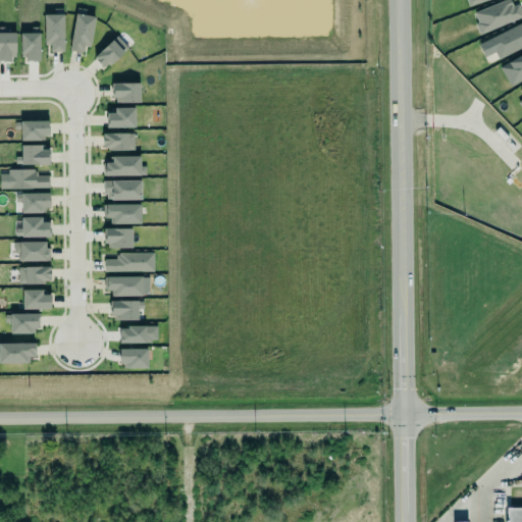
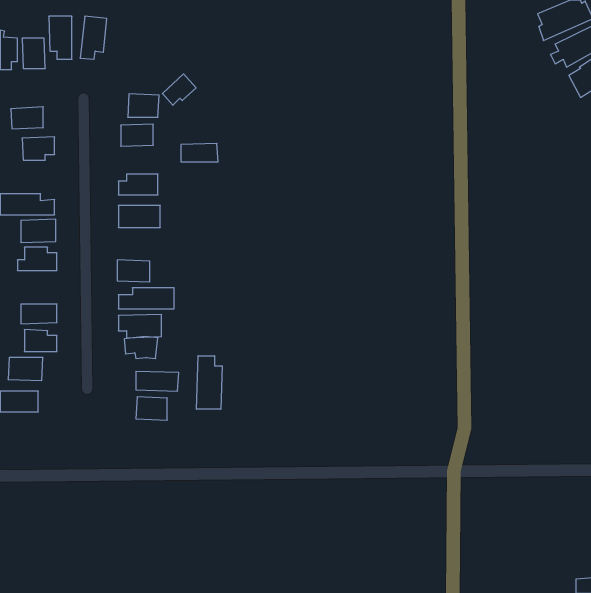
building: [96,36,125,63] -> [162,74,196,105]
building: [104,134,137,150] -> [181,143,218,162]
building: [22,146,51,165] -> [11,107,43,129]
building: [105,204,143,224] -> none
building: [20,238,51,257] -> none
building: none -> [197,356,222,409]

